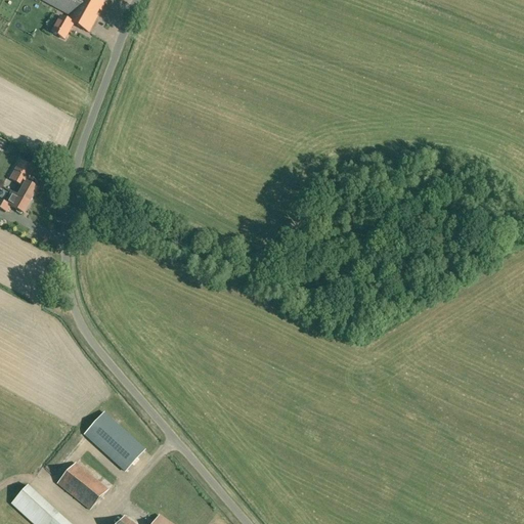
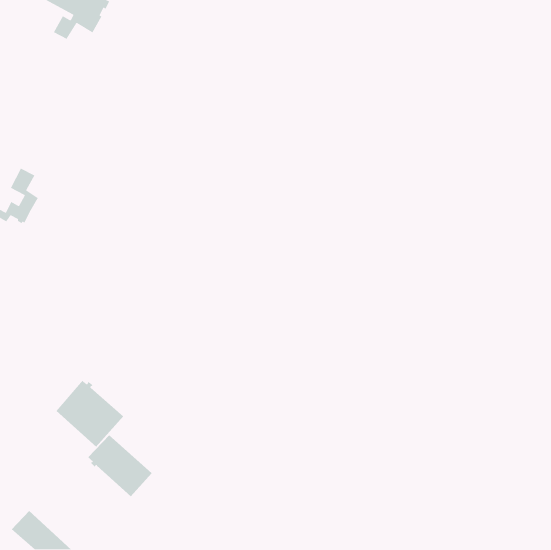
building: none -> [56,380,124,447]
building: [56,462,107,510] -> none

